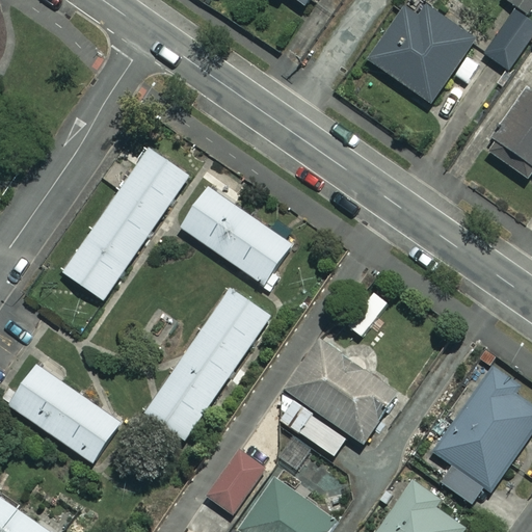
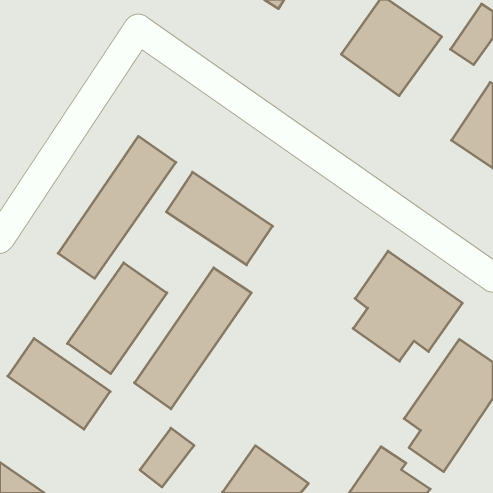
building: none -> [67,263,167,374]
building: [283,337,400,455] -> [353,251,462,361]
building: [207,451,265,514] -> [140,428,194,487]

